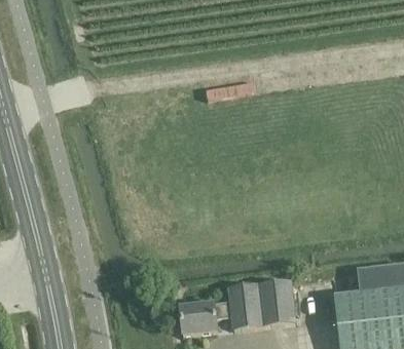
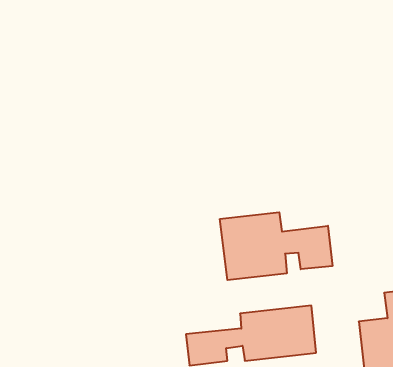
building: none -> [220,212,332,280]

